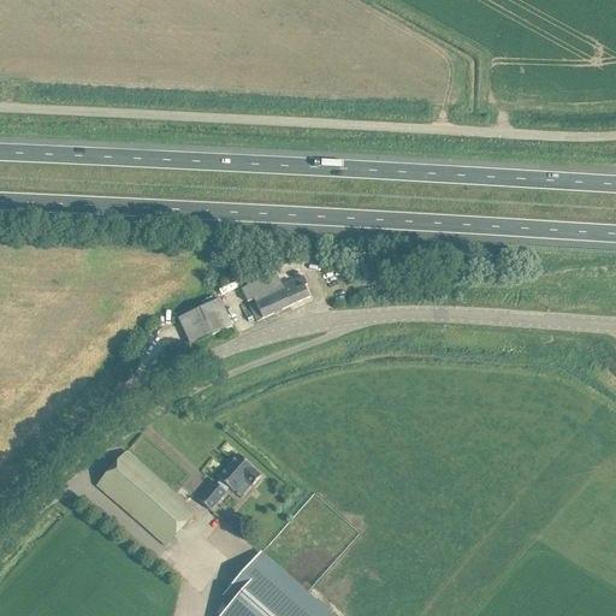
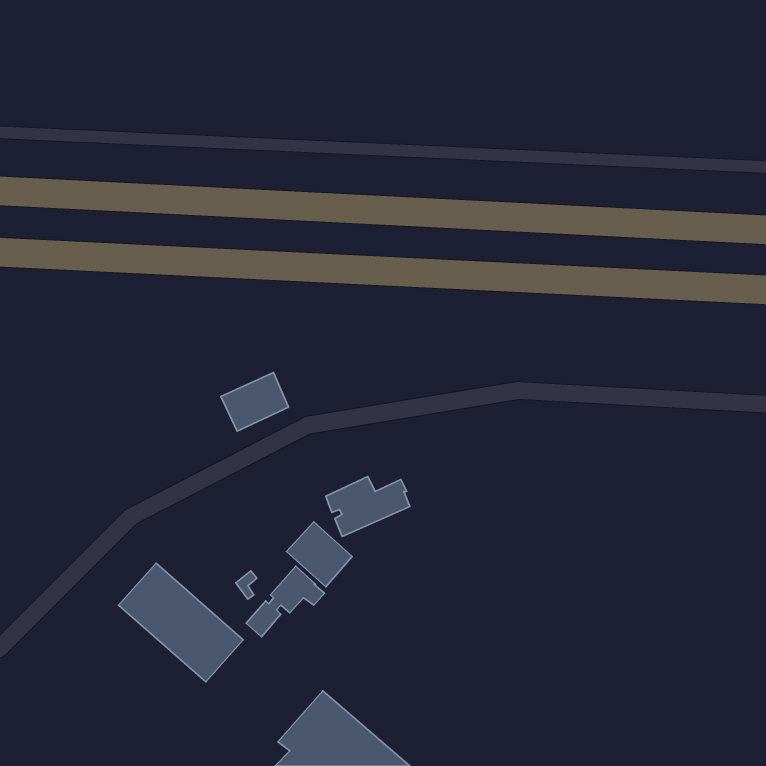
building: [241,273,308,321] -> [326,477,410,537]
building: none -> [286,522,352,587]

